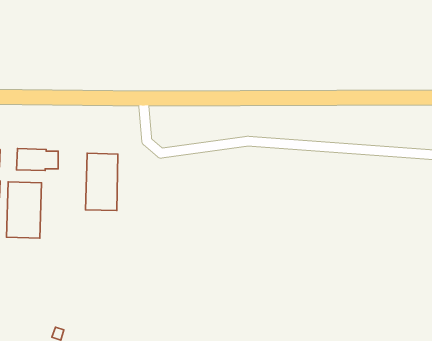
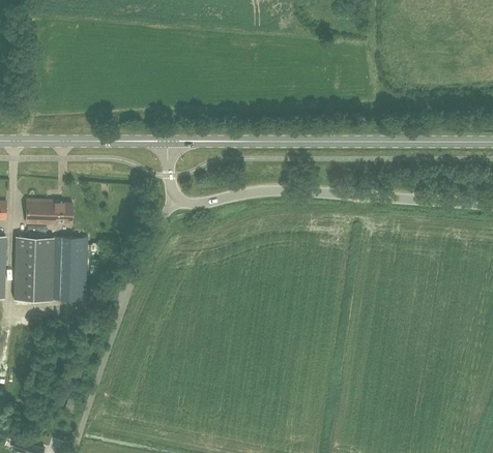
building: [85,153,118,211] -> [51,238,87,302]

